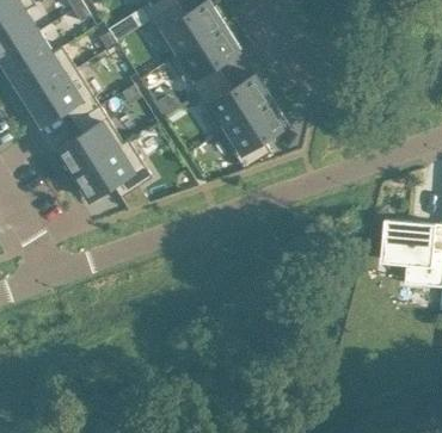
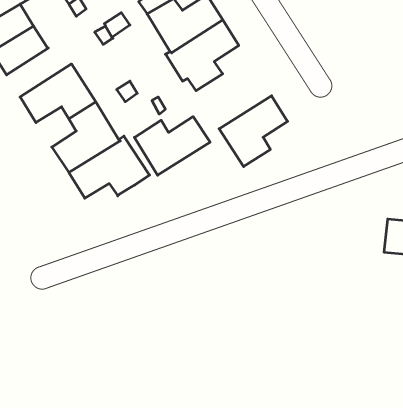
building: [12,45,75,100] -> none
building: [197,74,271,131] -> [134,117,210,175]

